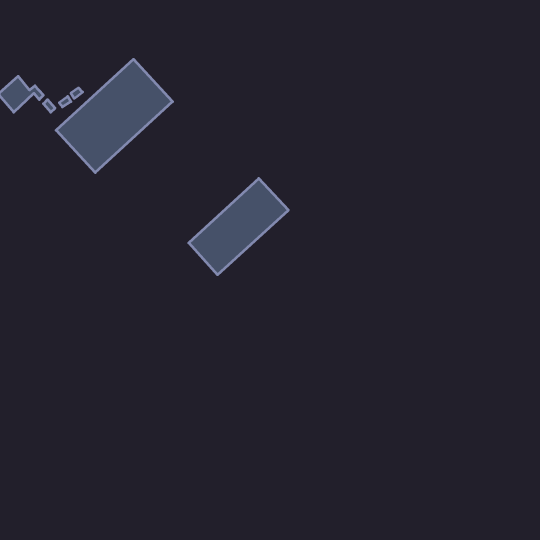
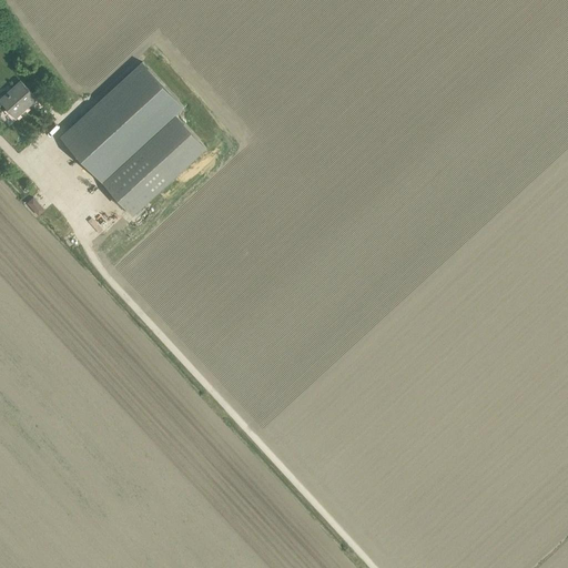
building: [189,178,288,275] -> [101,115,205,216]

